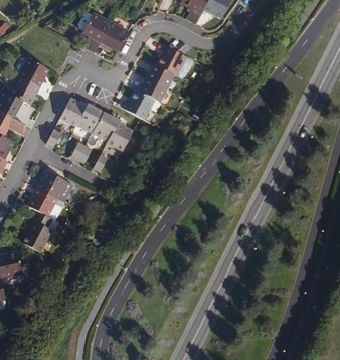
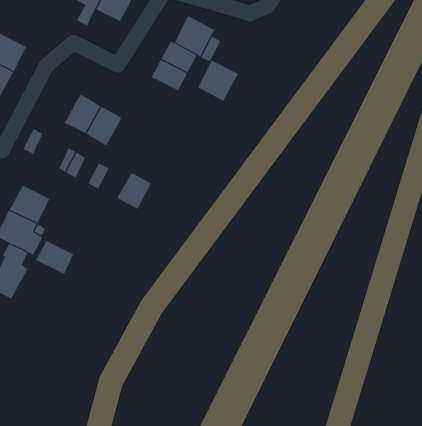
building: [126,89,156,120] -> [197,60,239,101]
building: [60,98,87,126] -> none
building: [108,124,133,151] -> [117,172,152,209]
building: none -> [35,240,74,274]

